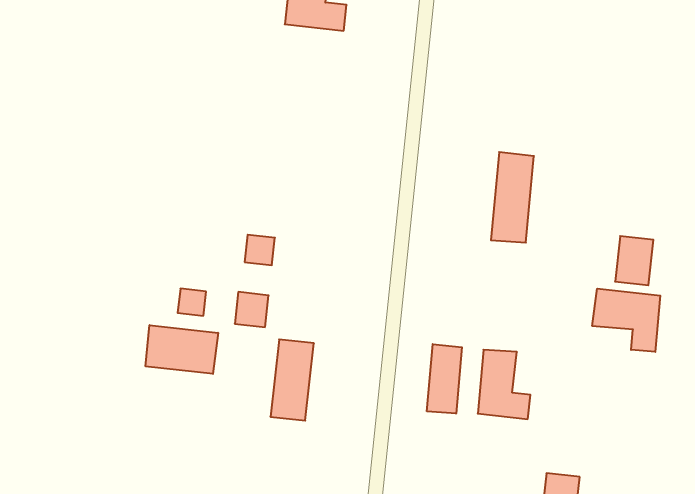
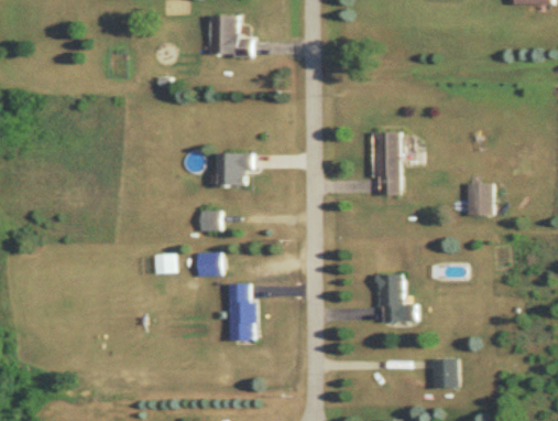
building: none -> [218,153,251,185]
building: [592,289,660,352] -> none
building: [146,325,218,374] -> none
building: [427,344,462,414] -> none

